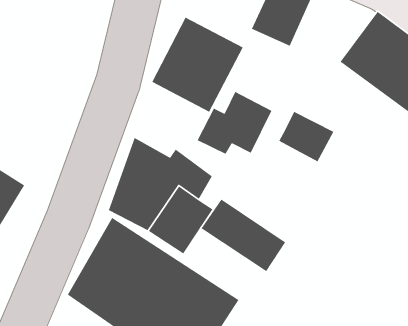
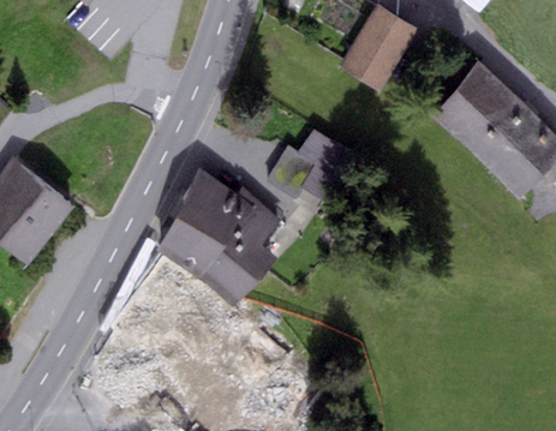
building: [151,16,244,113] -> none
building: [278,111,335,162] -> none
building: [201,199,286,272] -> none

